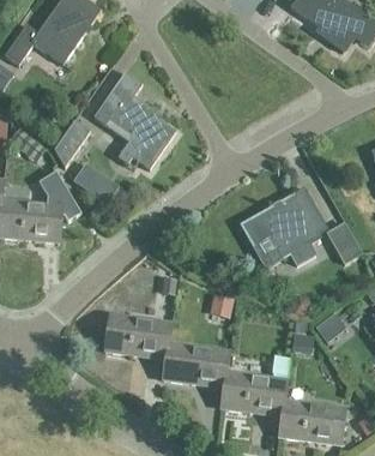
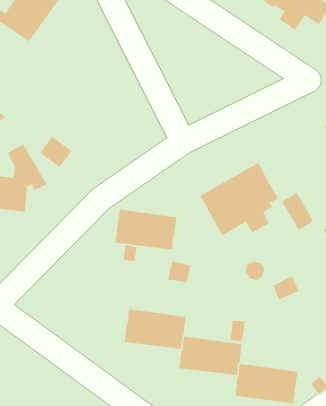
building: [92,71,175,169] -> none
building: [54,119,90,167] -> none
building: [104,314,170,358] -> [115,209,177,250]

